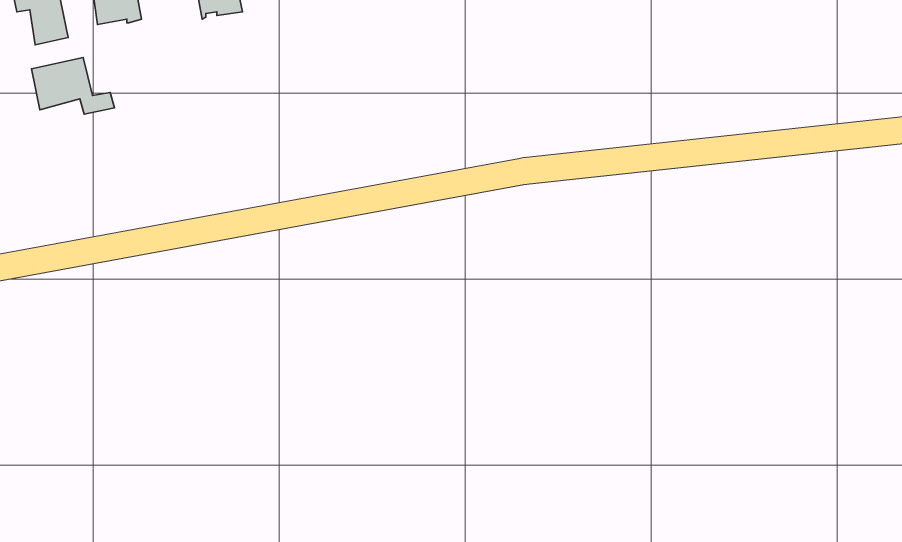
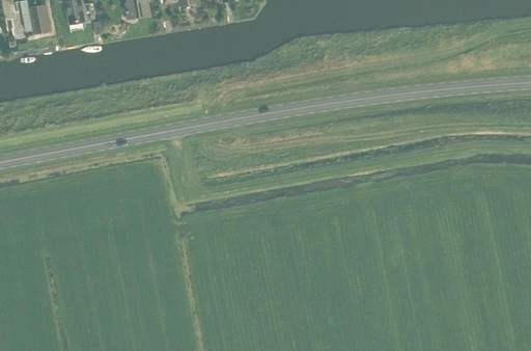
building: [32,58,114,114] -> none

